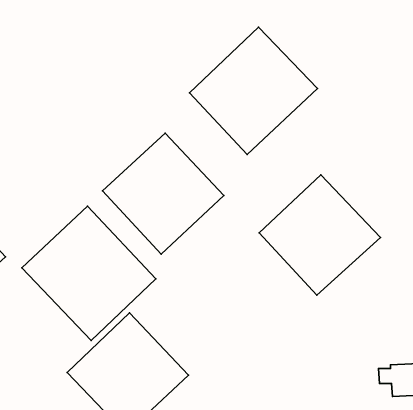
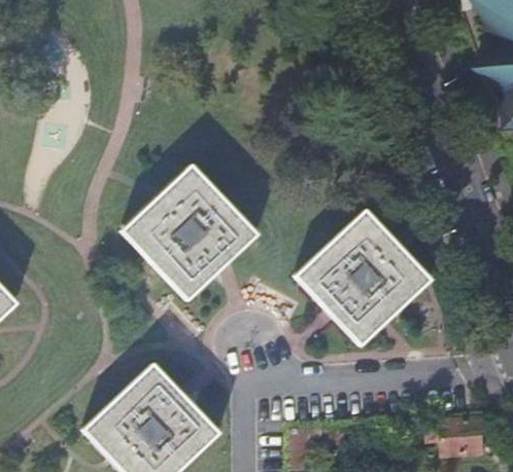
building: [189,27,317,154] -> none
building: [22,206,156,341] -> none

